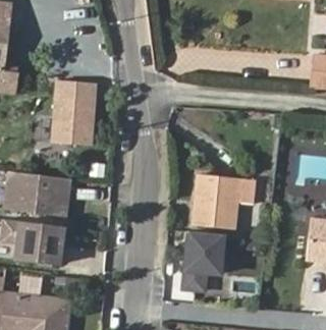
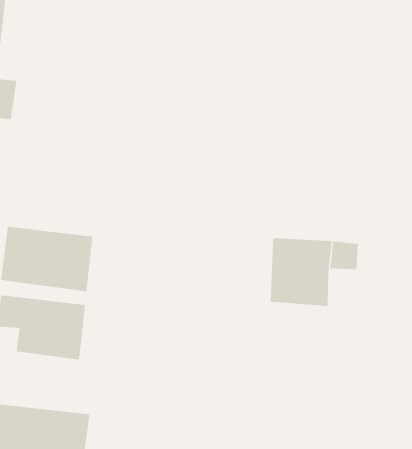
building: [47,78,99,146] -> none
building: [181,228,220,286] -> none

